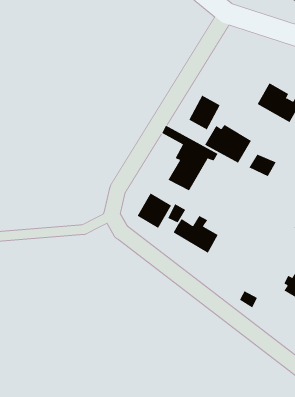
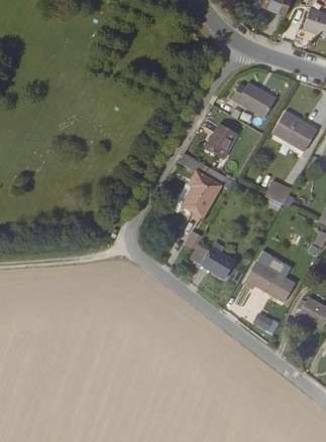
building: [204,124,252,164] -> [231,78,278,116]
building: [137,193,172,229] -> none
building: none -> [243,251,295,302]

